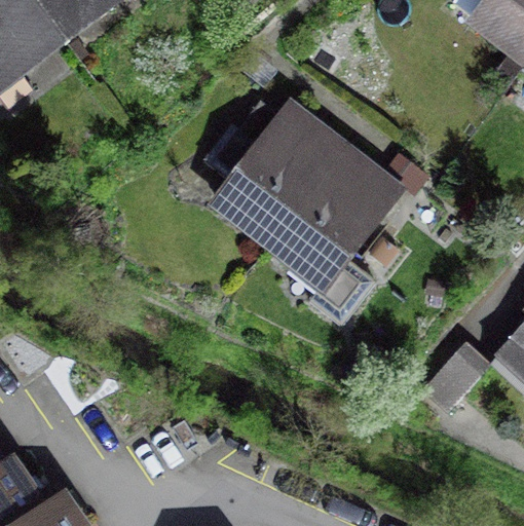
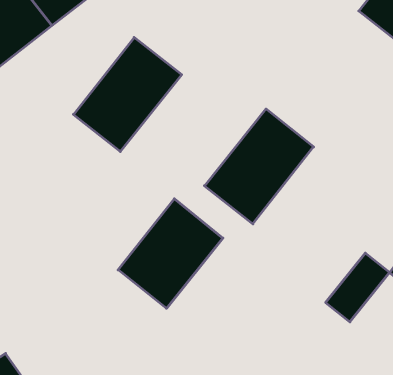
building: [210,99,347,243] -> [73,37,182,152]
building: none -> [118,199,223,308]

